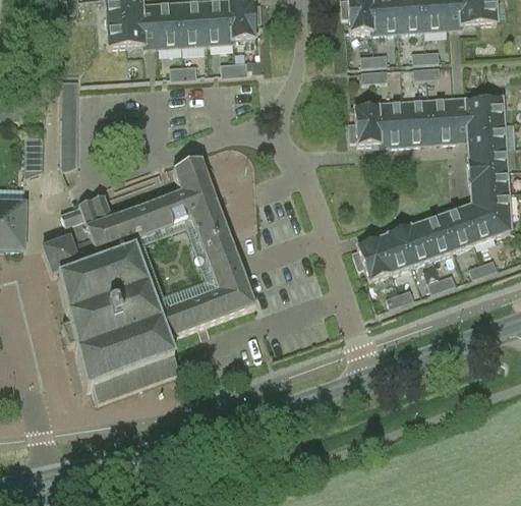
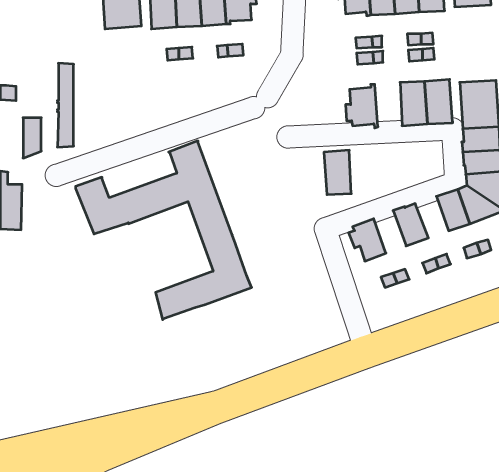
building: [381,99,408,144] -> [324,150,351,195]
building: [43,206,179,401] -> none
building: [421,214,455,256] -> none
building: [380,228,412,271] -> none

